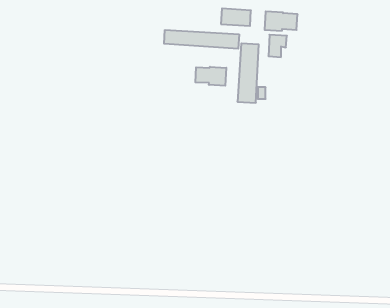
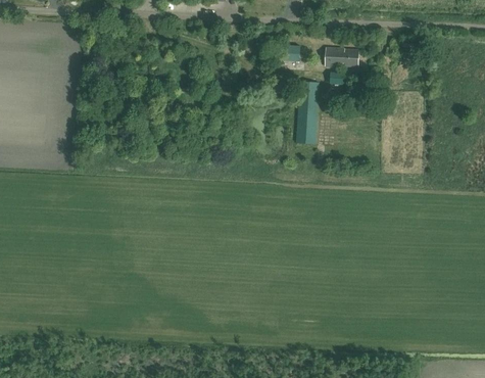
building: [164,30,239,49] -> none
building: [195,67,226,86] -> none

